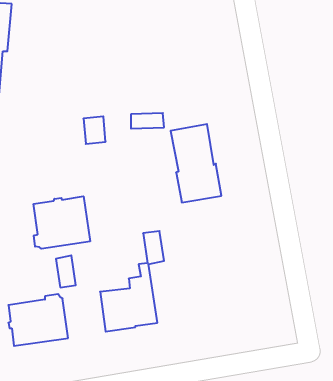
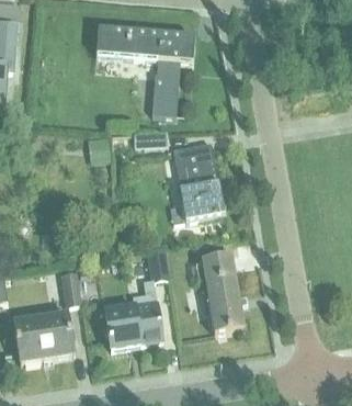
building: none -> [98,26,194,114]
building: [34,196,90,249] -> none
building: none -> [192,252,247,331]

